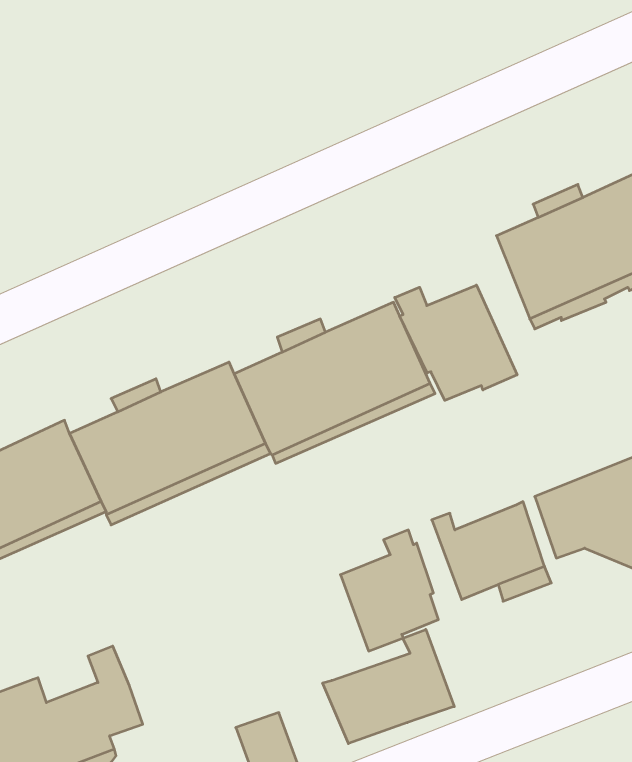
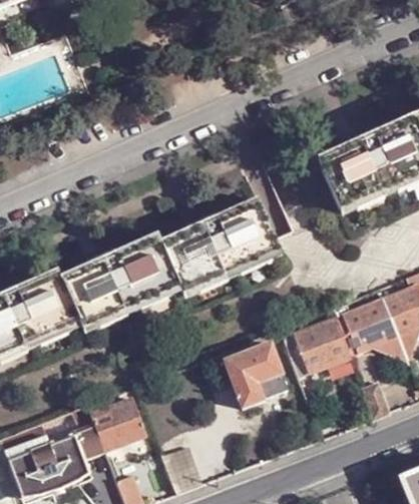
building: [395,285,517,400] -> none
building: [323,629,454,744] -> none
building: none -> [88,398,147,451]

